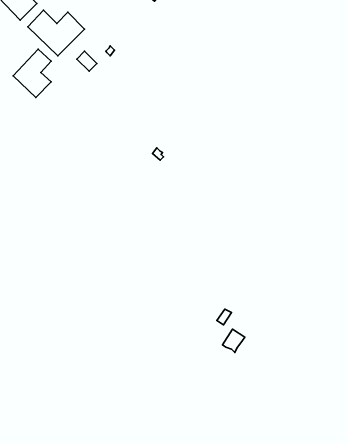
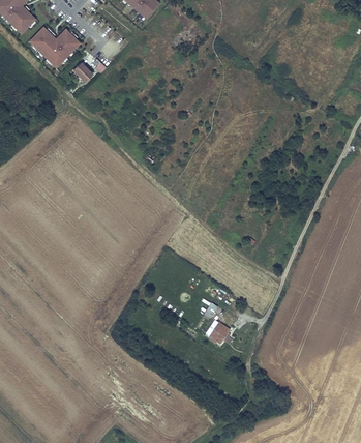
building: [13,49,51,98] -> none

